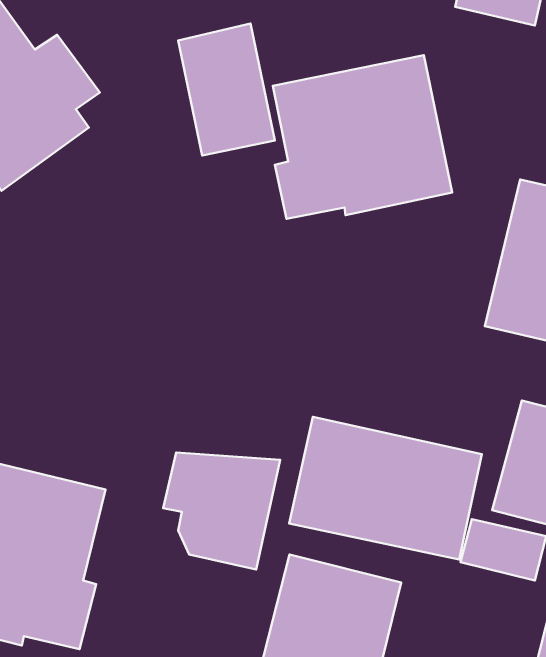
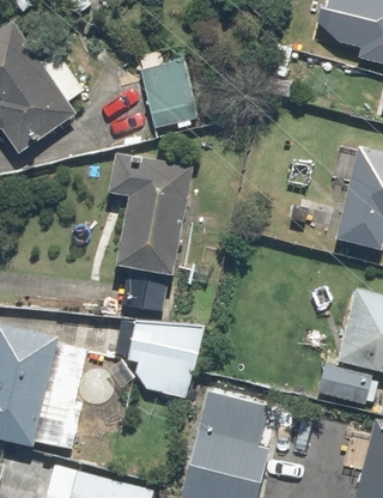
building: [273,55,452,219] -> none
building: none -> [105,152,193,311]
building: [289,417,482,559] -> none

